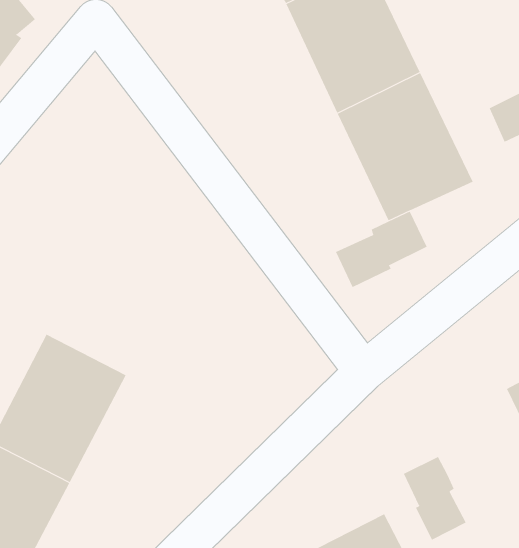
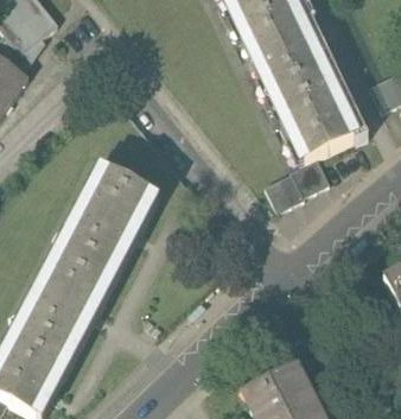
building: none -> [64,164,158,267]
building: [403,456,467,540] -> none

